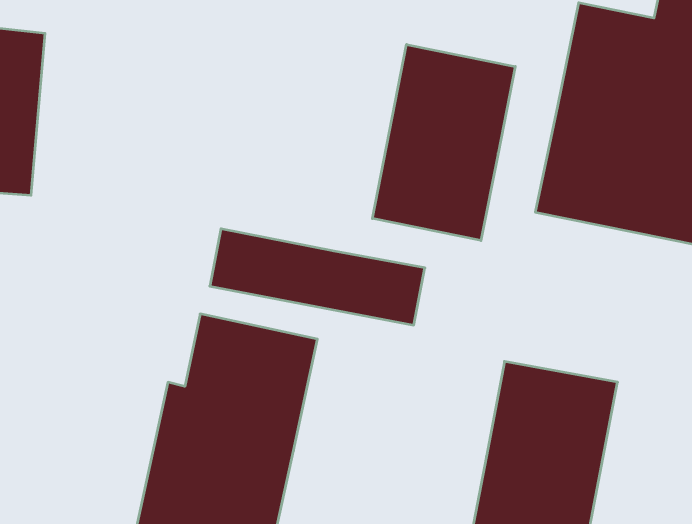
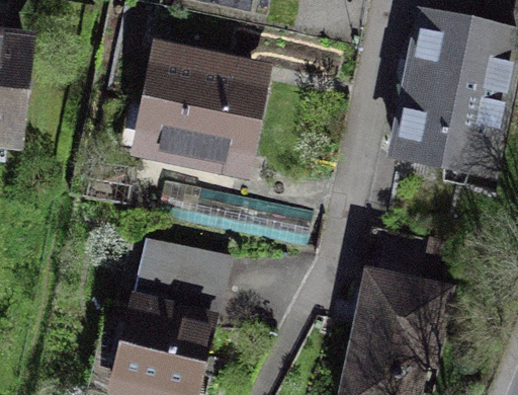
building: [372,44,515,241] -> none
building: none -> [131,39,271,176]

